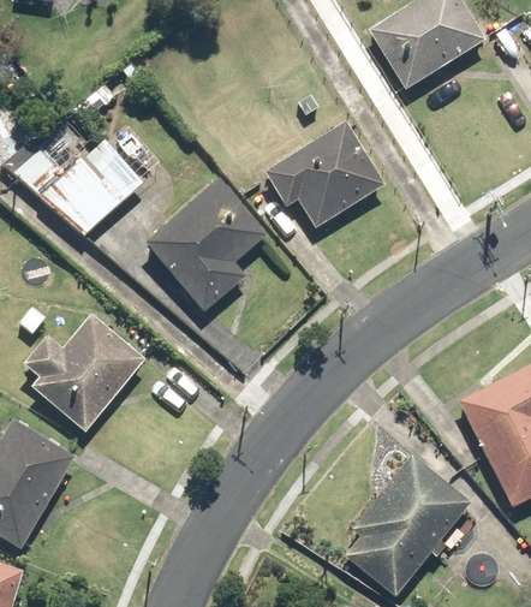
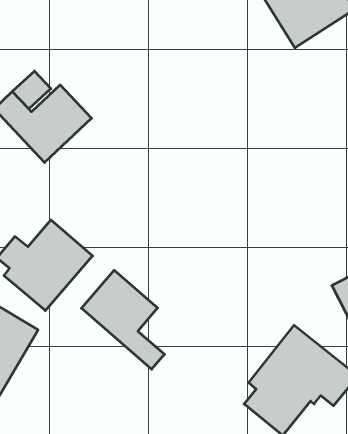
building: [263,118,386,227] -> none
building: [144,178,268,311] -> none
building: none -> [81,270,165,369]

